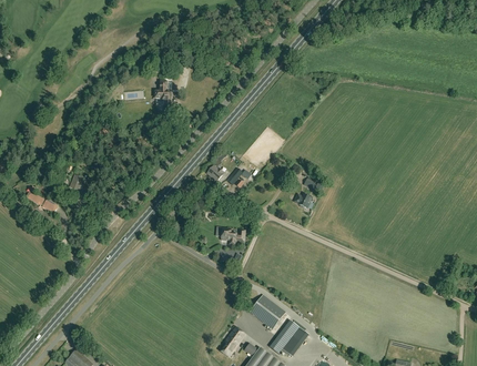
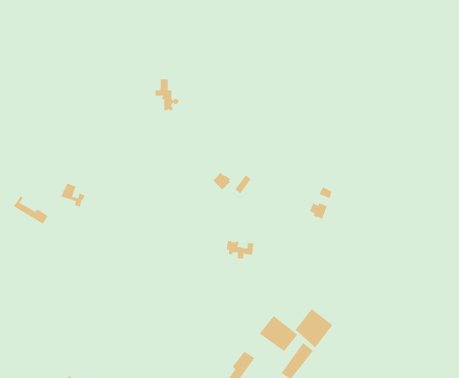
building: none -> [295,308,333,348]

